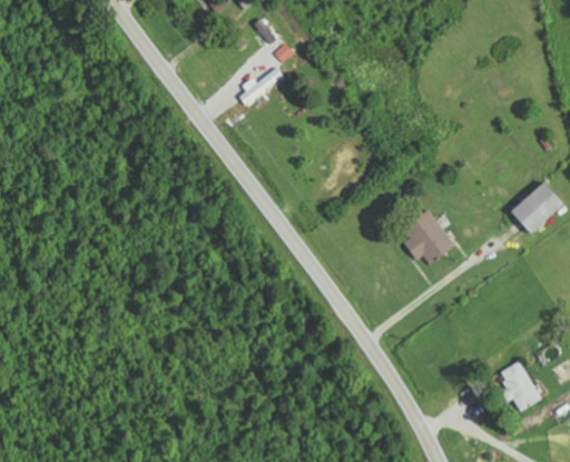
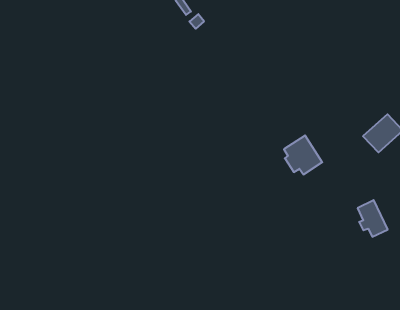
building: [239,68,284,106] -> none
building: [499,360,540,410] -> [358,200,388,237]

